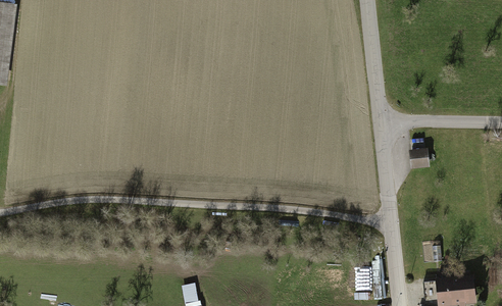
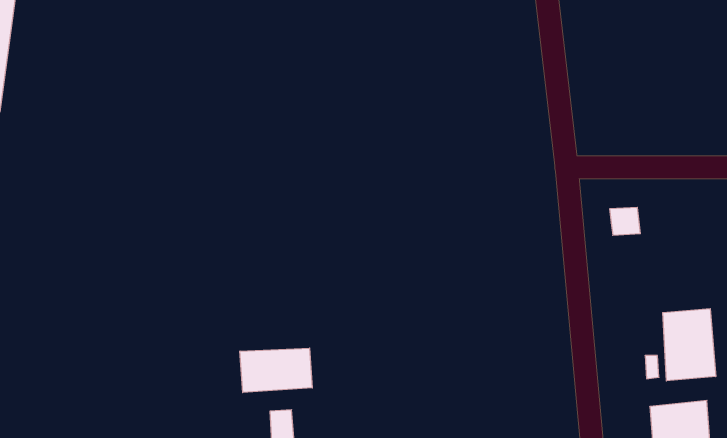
building: none -> [663,309,716,381]
building: none -> [240,348,312,393]

